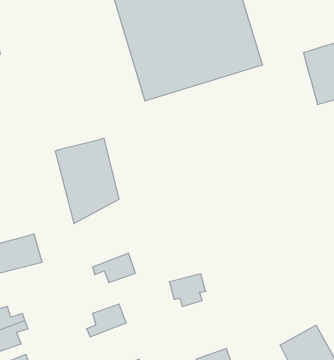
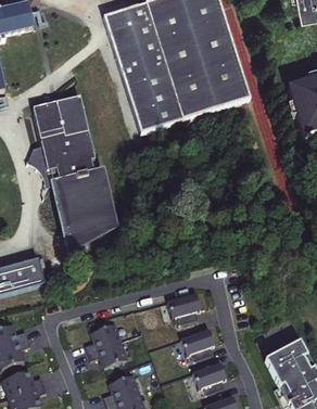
building: none -> [31,95,97,179]
building: [92,253,136,283] -> [88,340,128,367]
building: none -> [175,330,210,361]

